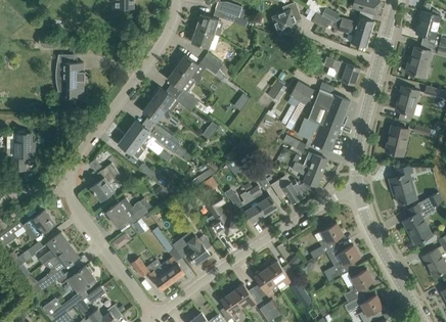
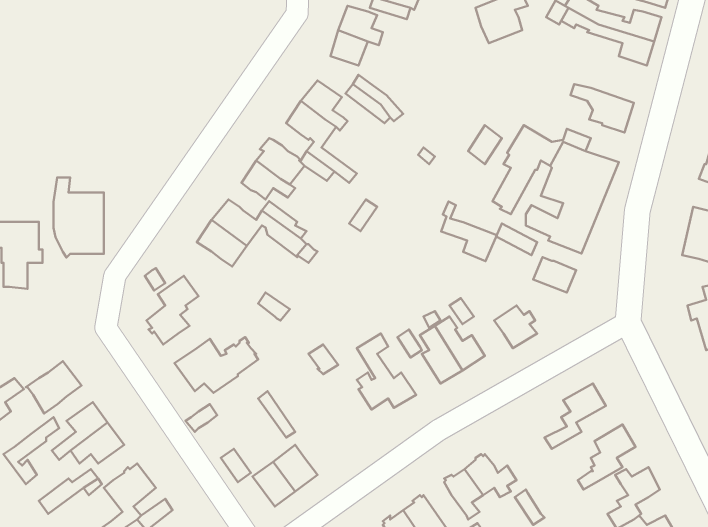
building: [56,55,84,99] -> [54,178,104,258]
building: [292,154,322,187] -> [441,202,497,261]
building: [173,232,211,264] -> none

